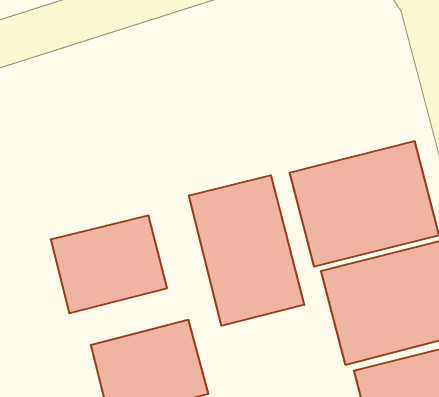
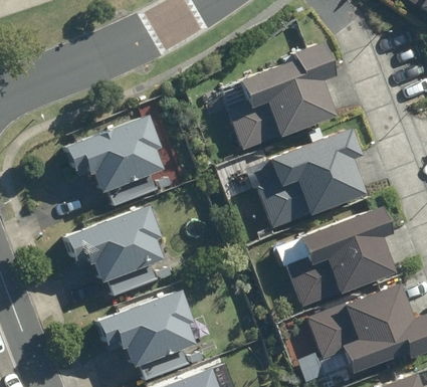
building: none -> [211,47,333,153]
building: none -> [70,116,165,199]
building: [189,175,304,326] -> none

